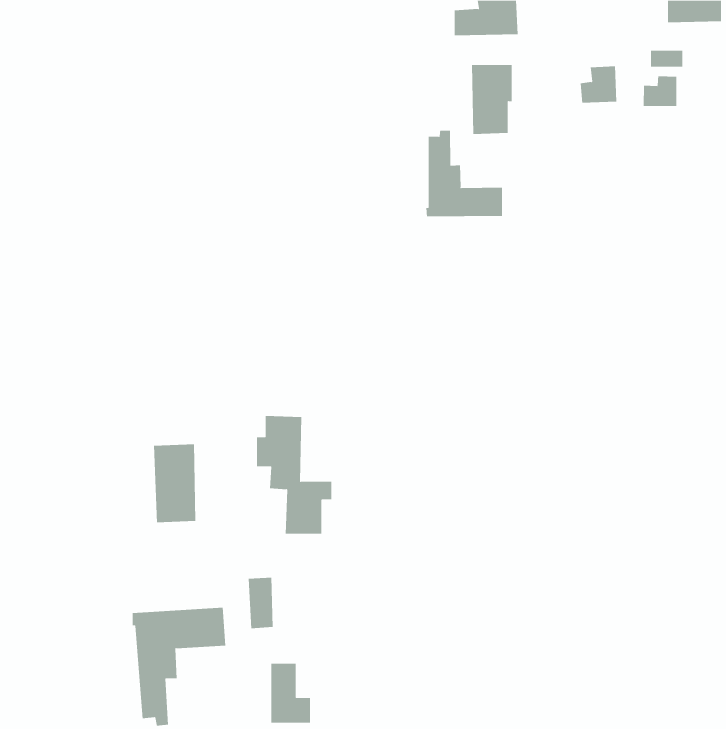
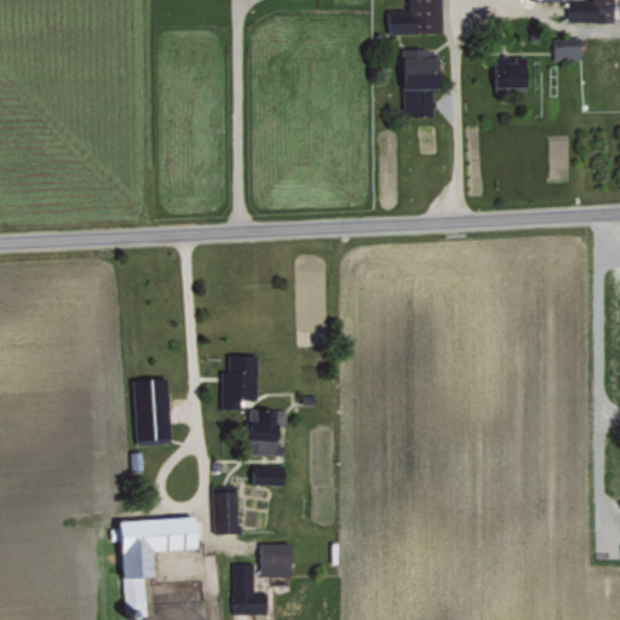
building: [643,76,677,107] -> none
building: [426,130,503,217] -> none
building: none -> [262,553,292,576]

